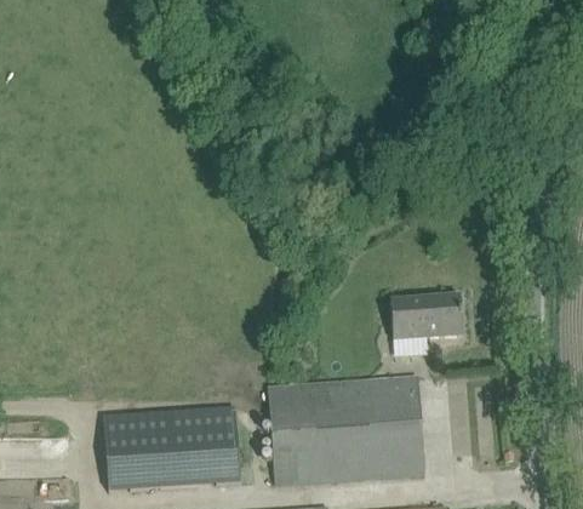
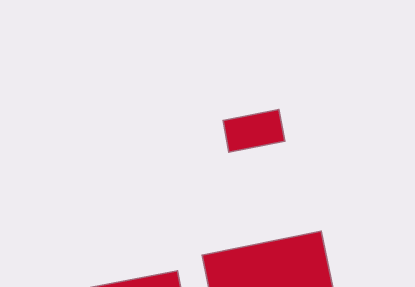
building: [390,296,463,341] -> [223,109,285,152]

